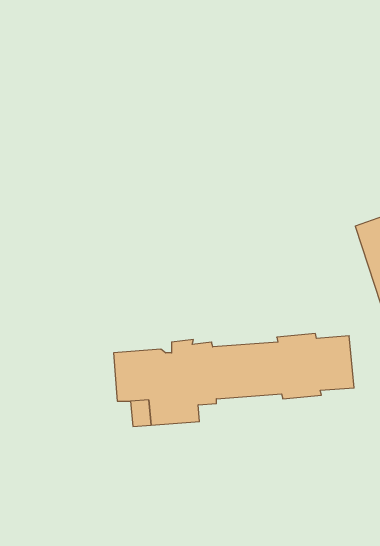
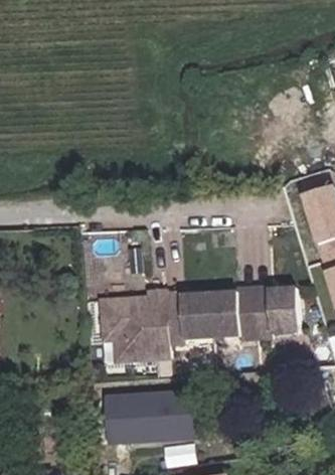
building: none -> [110,394,202,445]

